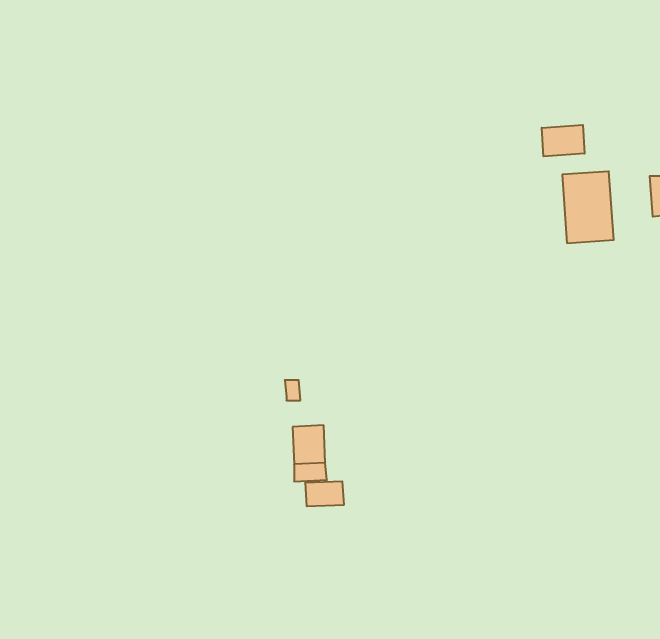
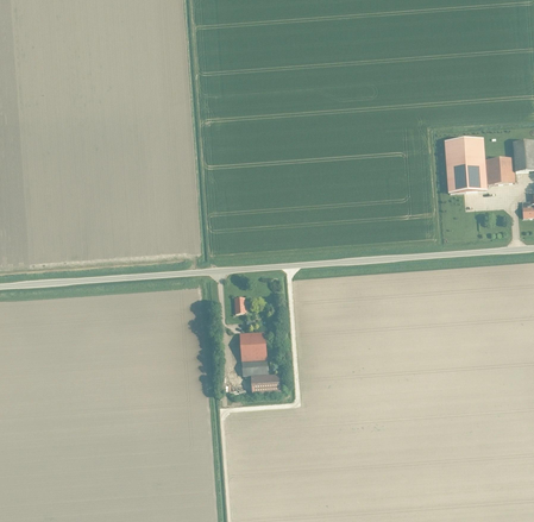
building: [542,125,585,156] -> none
building: none -> [484,156,514,182]

